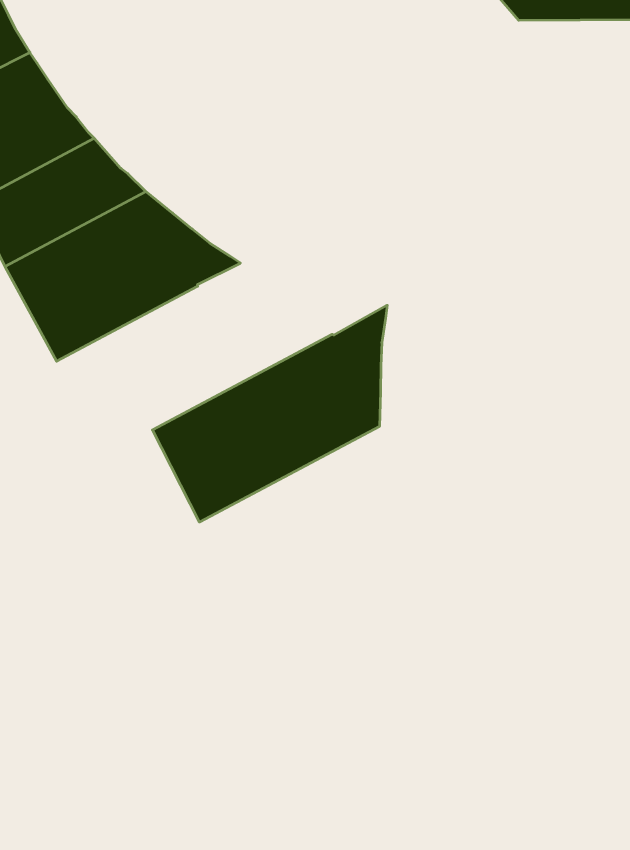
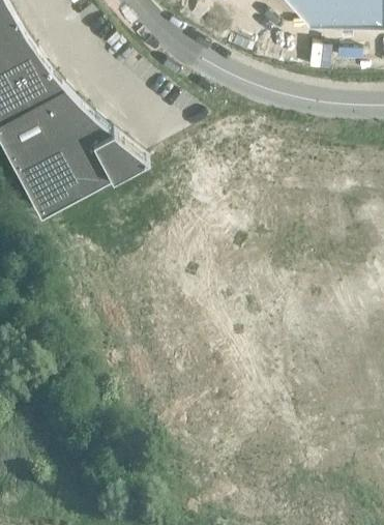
building: [152,305,387,522] -> none

